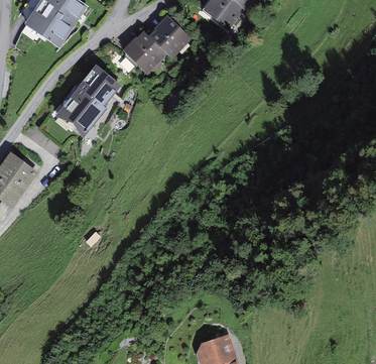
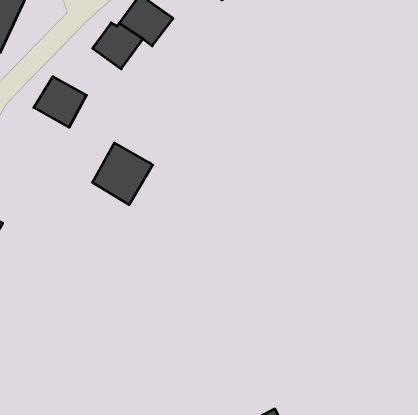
building: [57,91,104,138] -> [92,143,153,205]

